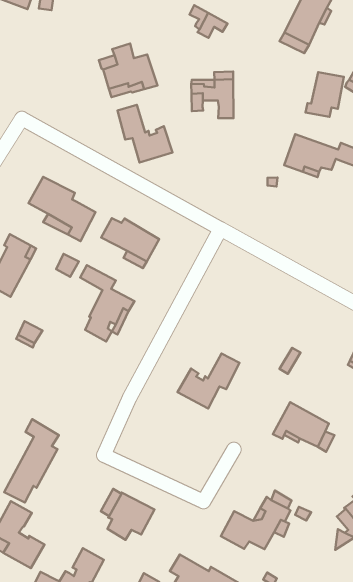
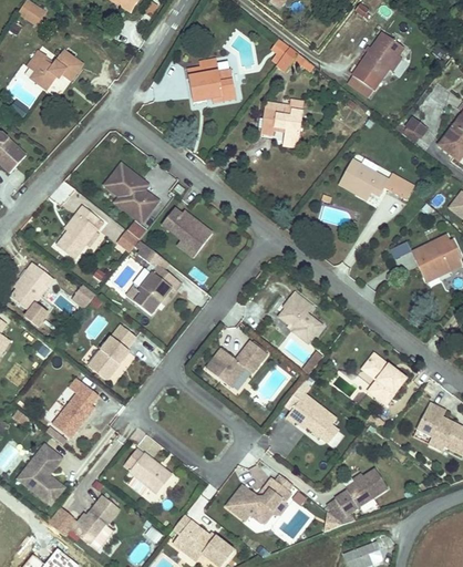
building: [305,72,344,117] -> none
building: [117,105,173,163] -> none
building: none -> [278,295,320,346]
building: none -> [92,326,135,379]

